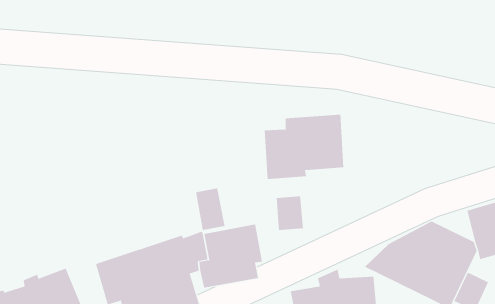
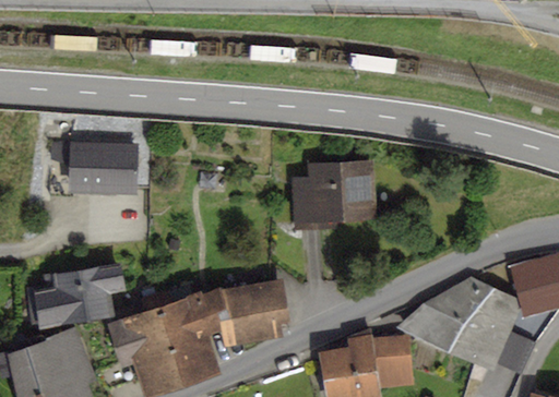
building: none -> [50,143,138,196]
building: [196,187,225,231] -> none
building: [276,195,304,231] -> none
building: none -> [24,263,126,328]

